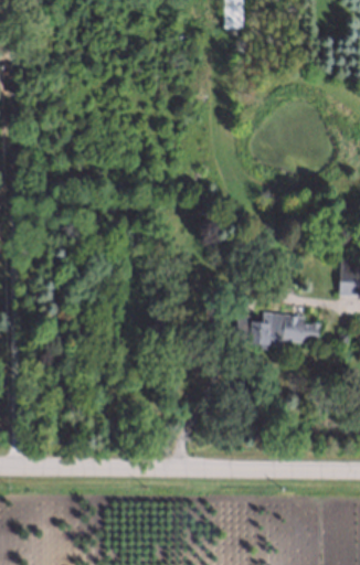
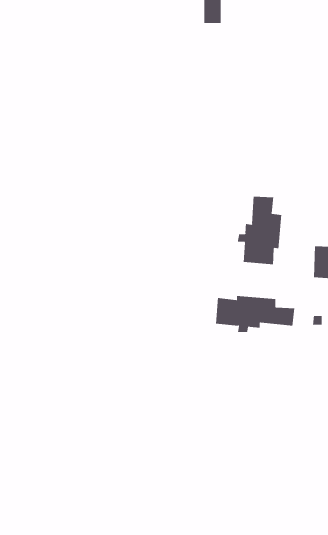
building: none -> [237,196,282,265]

